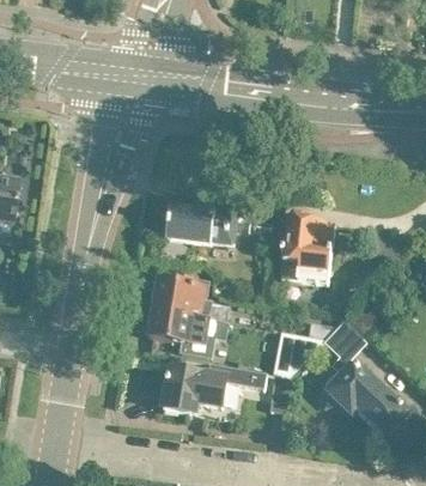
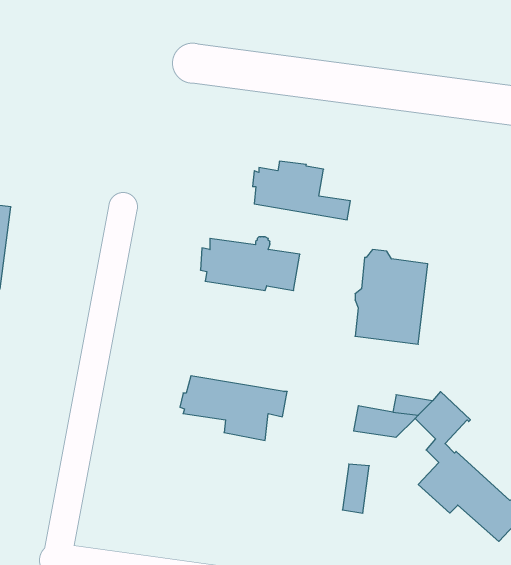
building: [154,275,229,320] -> [253,161,350,220]
building: [164,364,267,412] -> none

